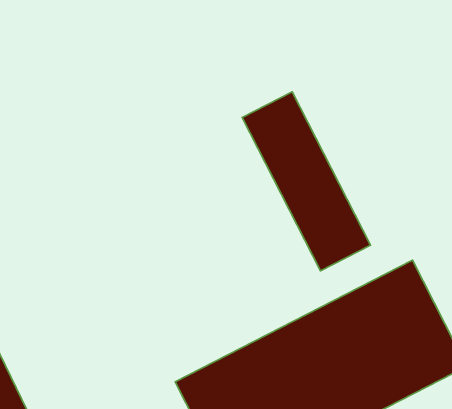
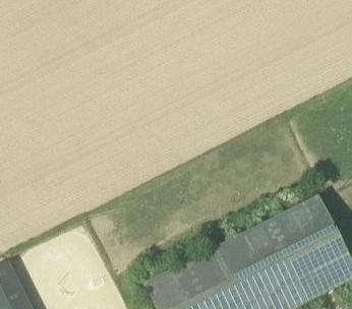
building: [242,92,371,271] -> none

